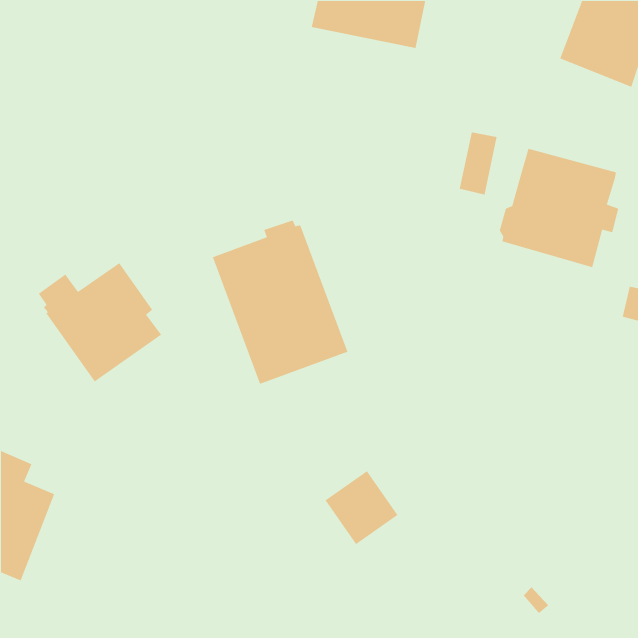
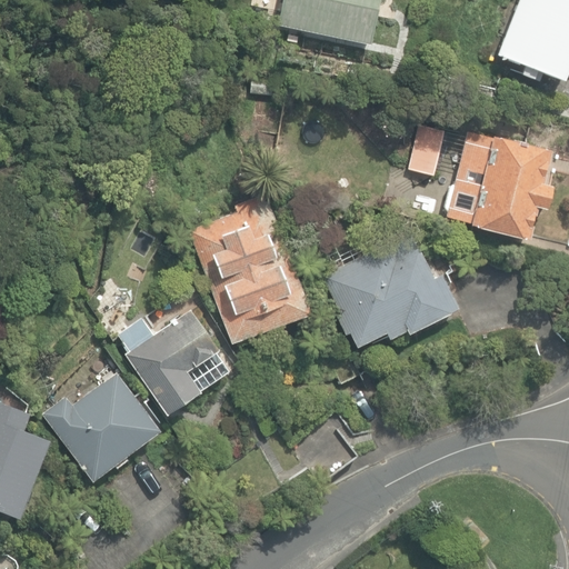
building: [38,262,162,382] -> [118,308,228,415]
building: none -> [323,236,459,347]
building: none -> [41,375,159,482]

